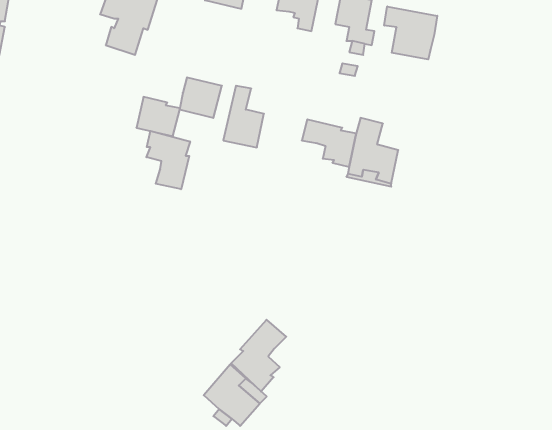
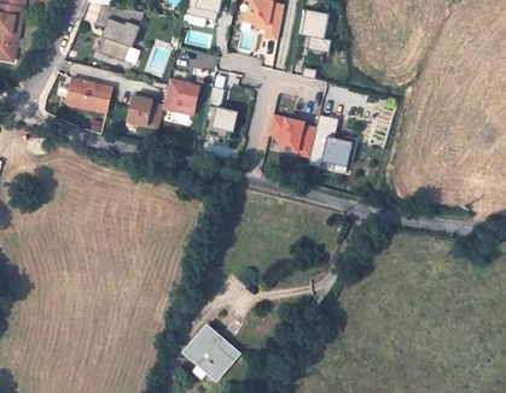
building: [384,6,437,59] -> none
building: none -> [68,78,112,113]
building: [146,131,190,189] -> none
building: [231,320,286,392] -> none

